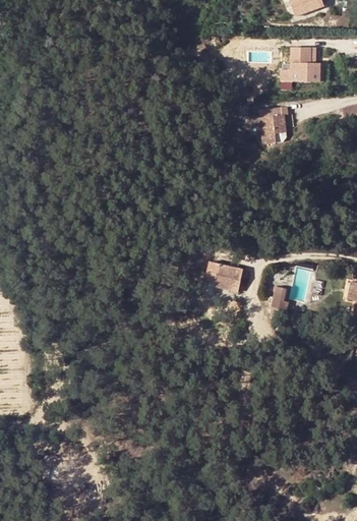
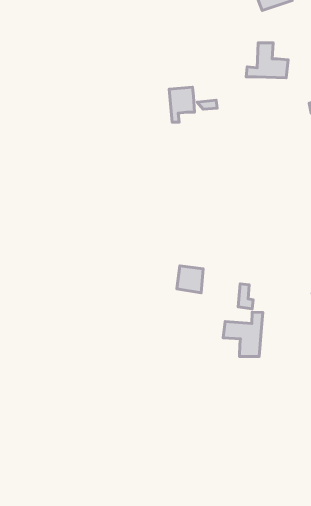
building: [258,108,284,143] -> [169,87,194,122]
building: none -> [223,312,263,356]

